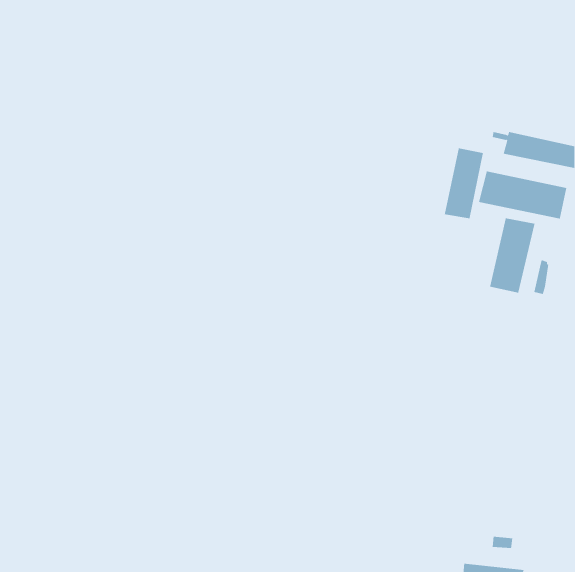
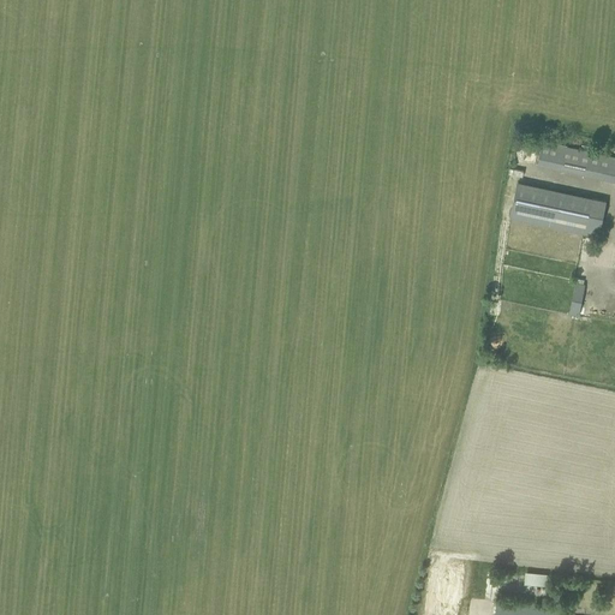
building: [444,147,484,219] -> none
building: [490,217,535,294] -> none

